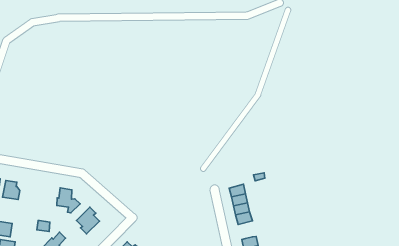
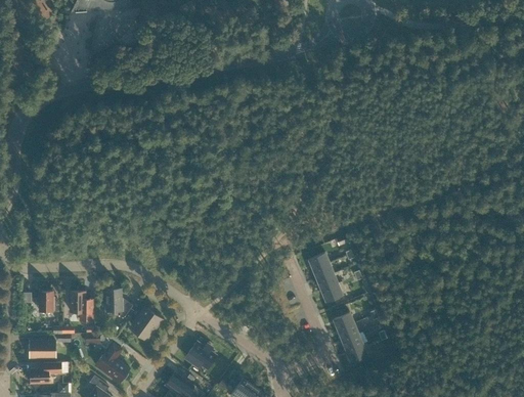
building: none -> [71,292,92,321]

